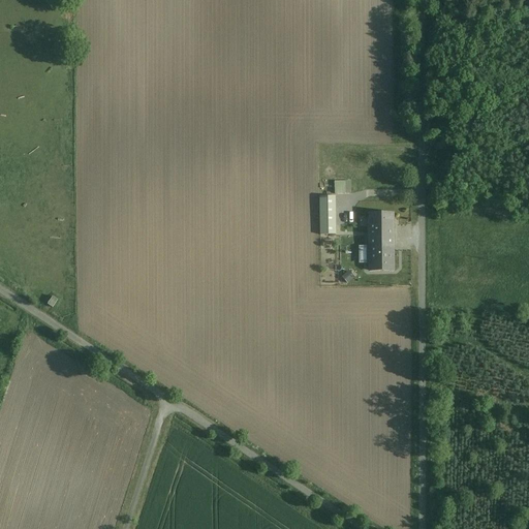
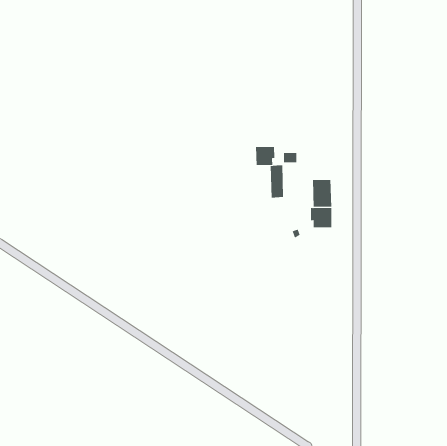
building: none -> [256,146,275,166]

